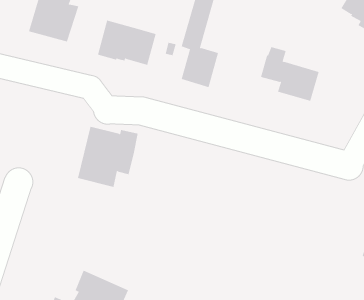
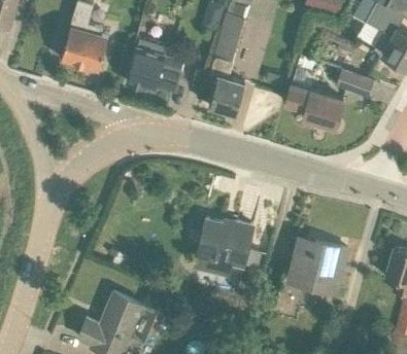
building: none -> [335,68,373,98]
building: [77,126,139,188] -> [193,218,252,278]
building: none -> [290,239,347,293]

